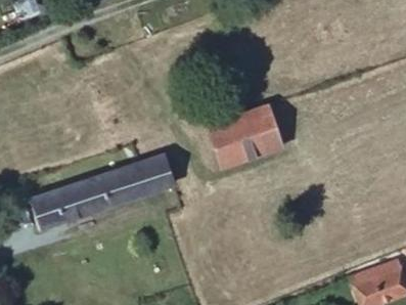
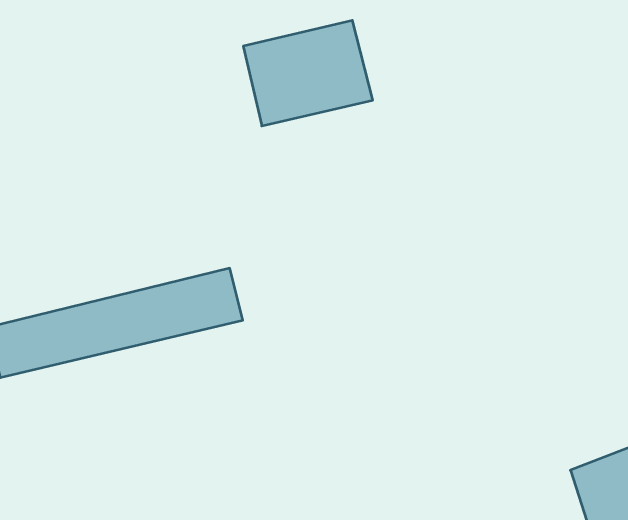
building: [211,107,282,166] -> [243,20,373,126]

